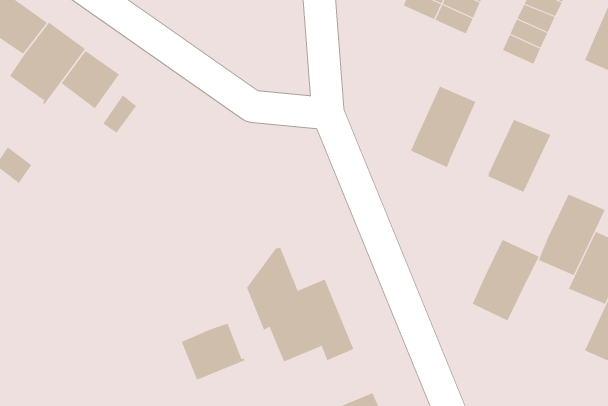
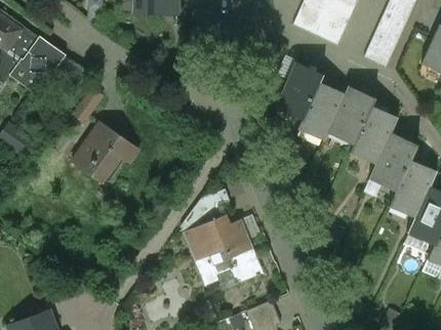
building: none -> [276,61,323,119]
building: none -> [327,85,375,145]
building: none -> [72,122,129,182]
building: [472,239,540,321] -> [369,132,417,191]
building: [181,323,245,380] -> none

